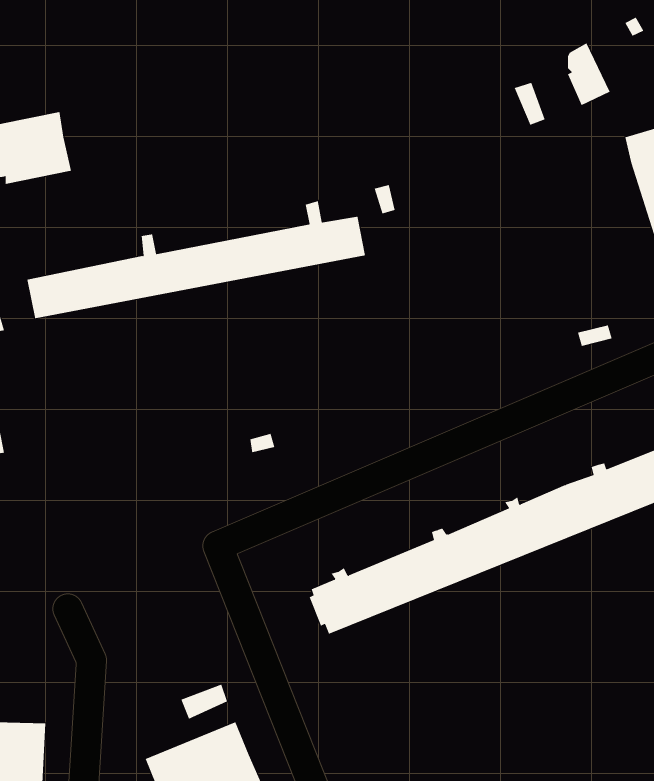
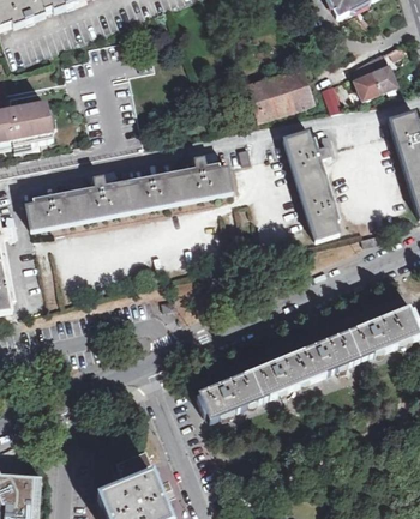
building: none -> [366,52,396,90]
building: none -> [246,65,314,121]
building: none -> [282,129,338,239]

